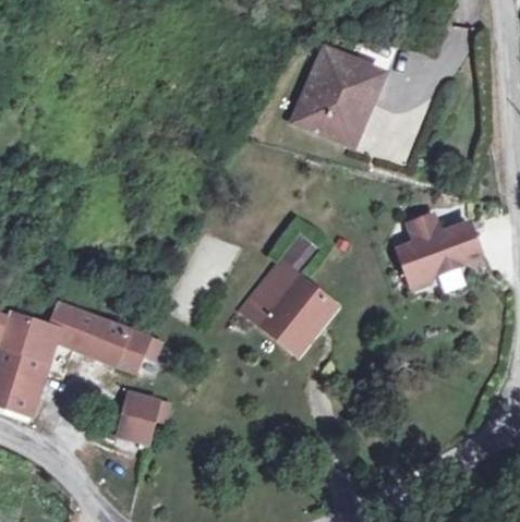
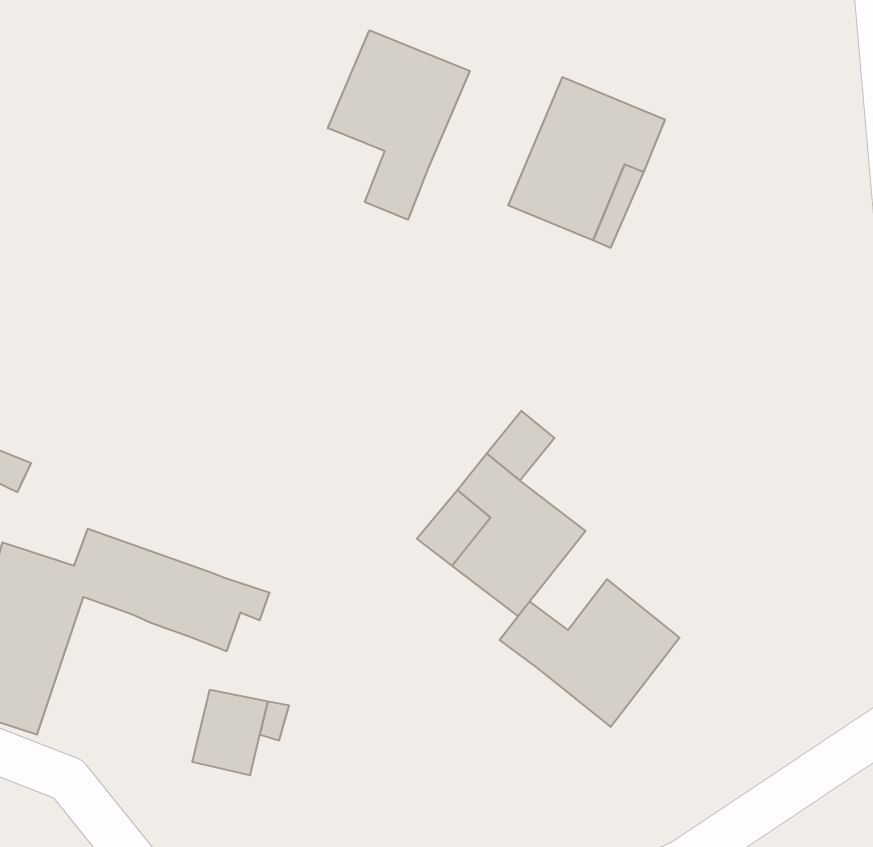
building: none -> [328,30,470,220]
building: [399,211,480,284] -> none
building: none -> [500,579,680,727]

